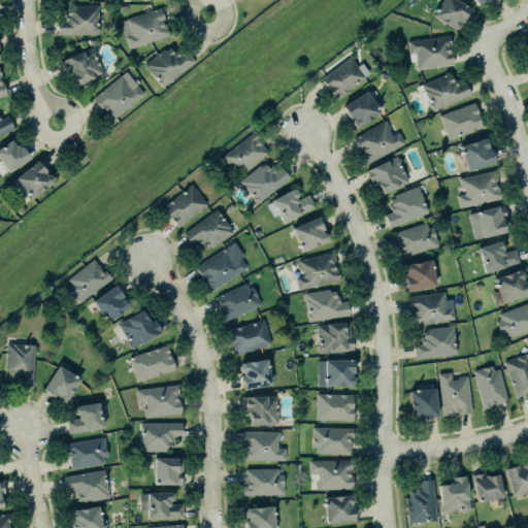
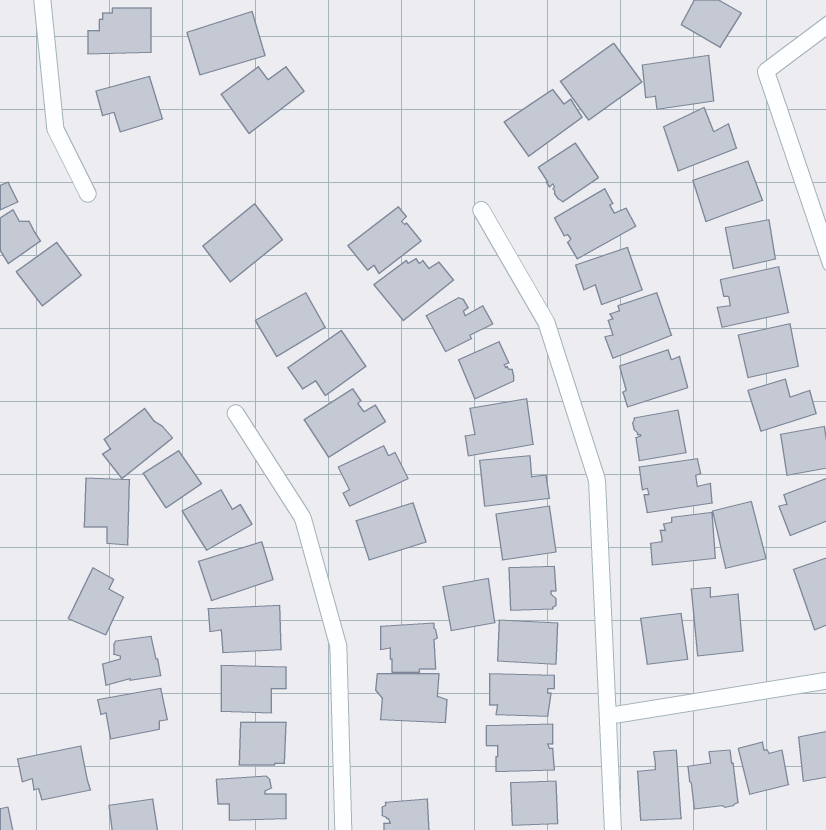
building: none -> [560,43,642,120]
building: [96,72,146,122] -> [203,204,282,282]
building: [8,344,37,387] -> [84,478,130,545]
building: [237,353,270,386] -> [443,579,495,631]
building: [476,366,510,408] -> [712,502,766,568]
building: [244,468,286,495] -> none
building: [65,469,111,503] -> [17,746,91,800]

